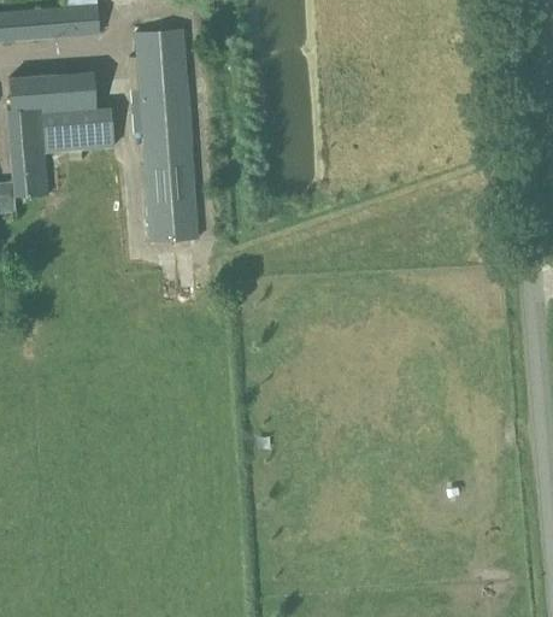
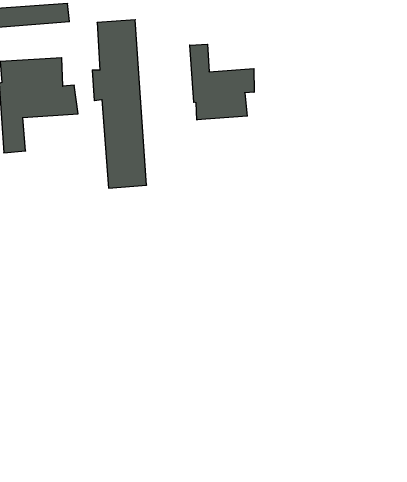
building: none -> [190,44,254,120]

